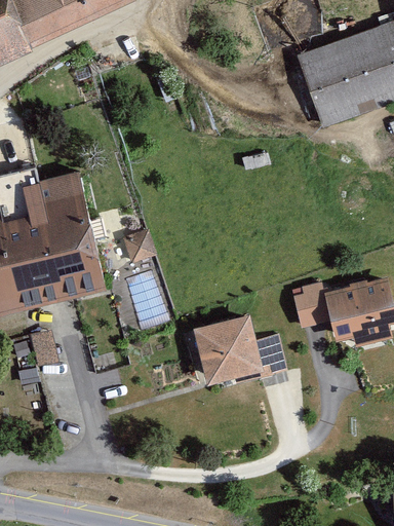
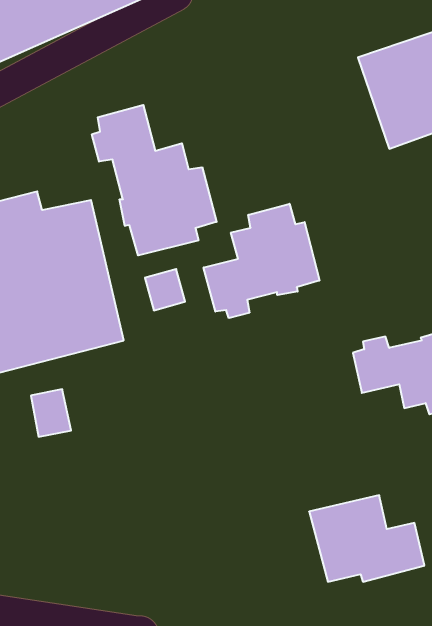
building: none -> [92,105,217,255]
building: none -> [204,204,319,318]
building: [192,311,286,382] -> [309,495,424,582]

